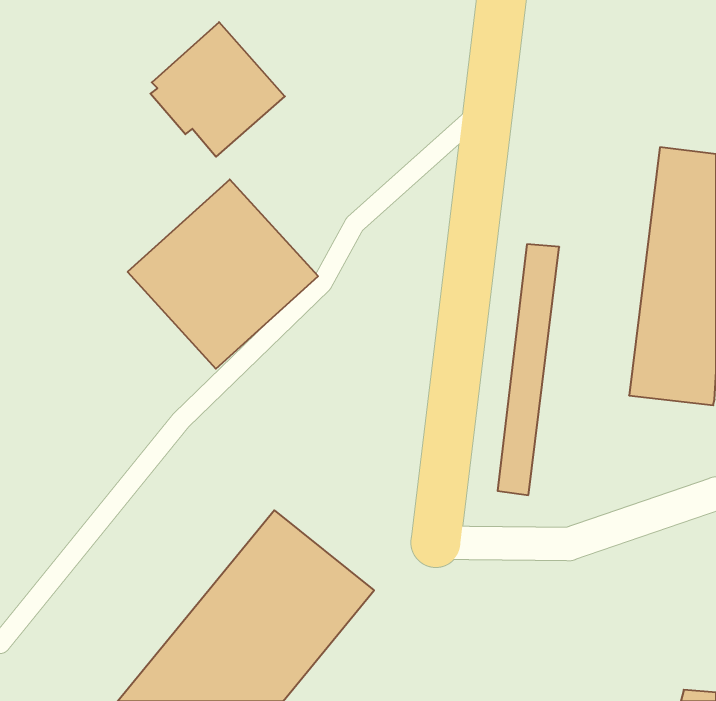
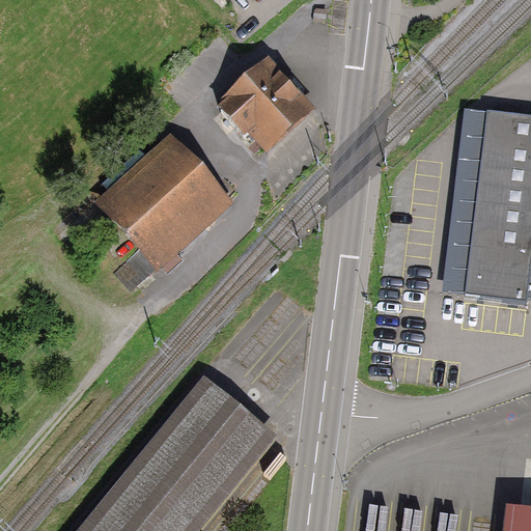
building: [150,22,285,157] -> [219,55,318,155]
building: [498,244,559,495] -> [443,107,488,292]

